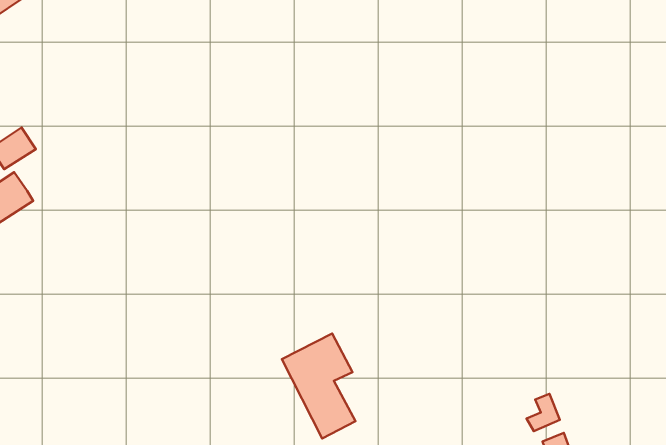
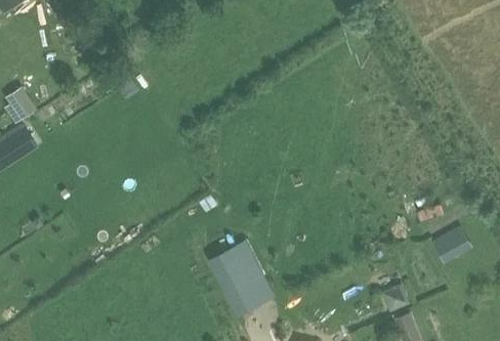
building: none -> [431,224,469,258]

